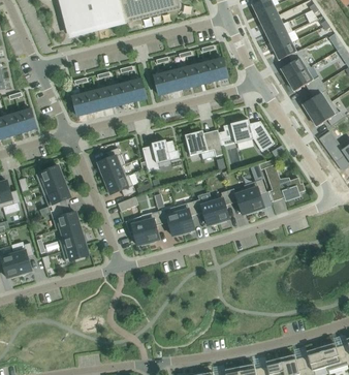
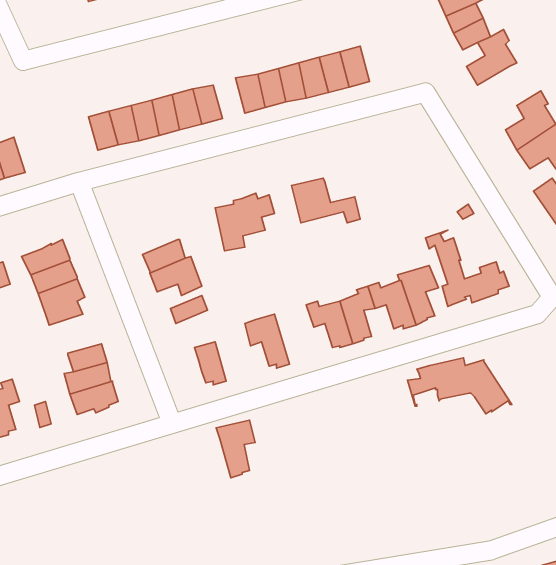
building: [287,65,322,90] -> none
building: [217,119,275,150] -> [408,358,512,414]
building: [96,142,124,173] -> none
building: [175,200,196,233] -> none
building: [50,206,78,229] -> none
building: [139,211,161,243] -> [216,420,255,478]

